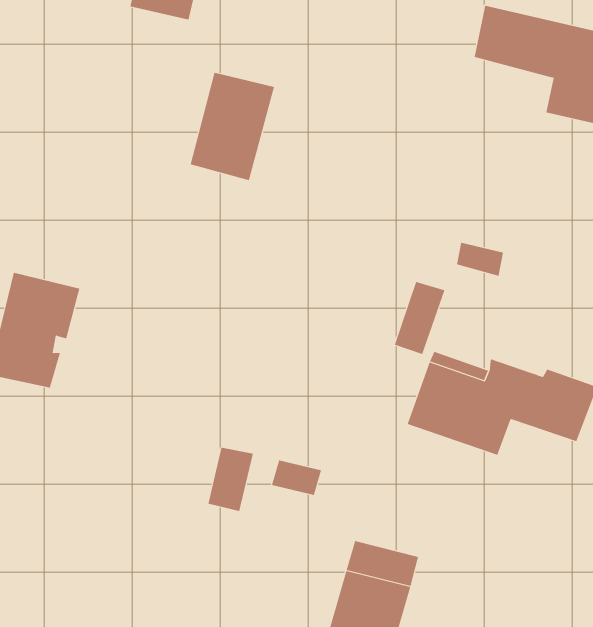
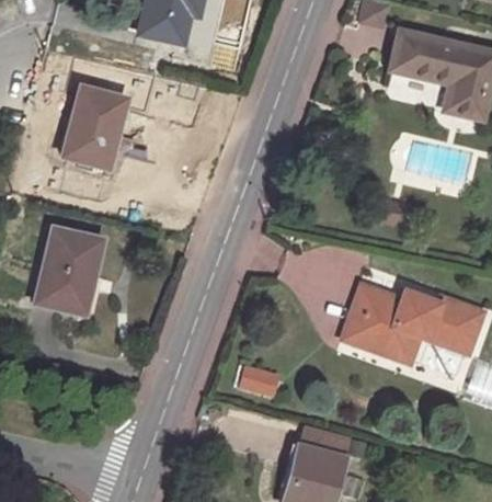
building: [190,72,275,181] -> [64,89,126,169]
building: [394,281,445,355] -> none
building: [208,447,254,512] -> none

